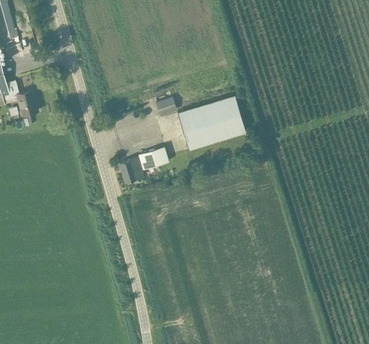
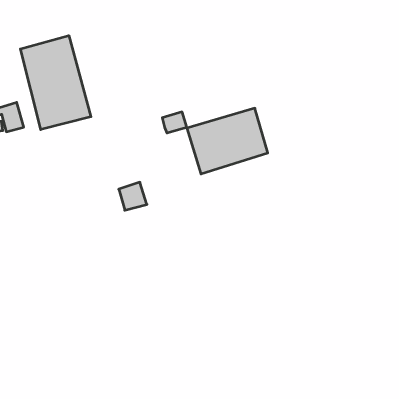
building: none -> [20,36,91,130]
building: [137,147,168,170] -> none

